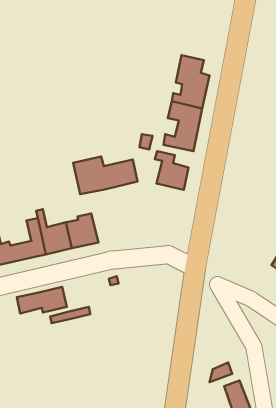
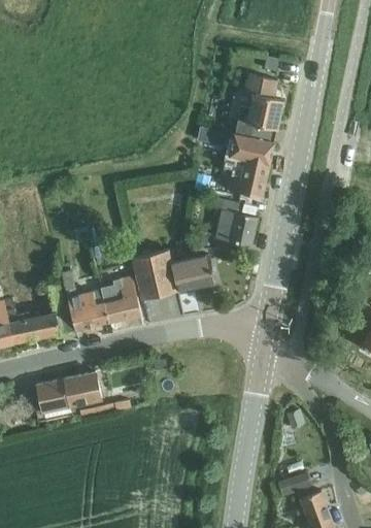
building: [73,156,138,194] -> [133,251,215,299]

